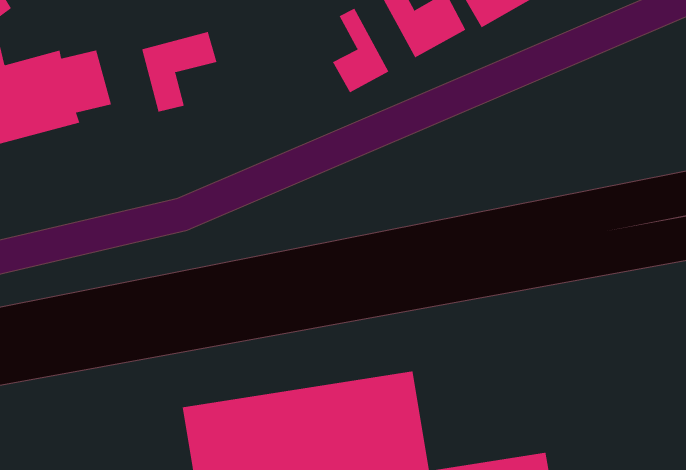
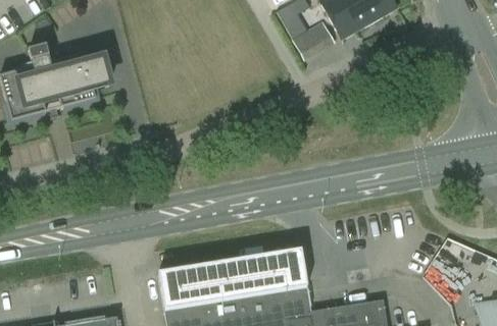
building: [332,8,389,93] -> none
building: [141,31,217,112] -> none

